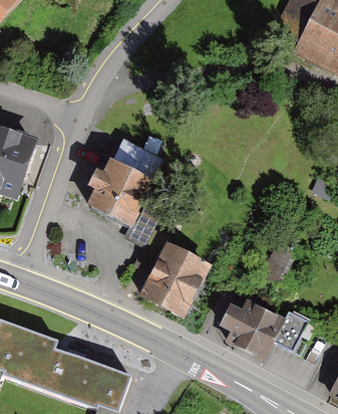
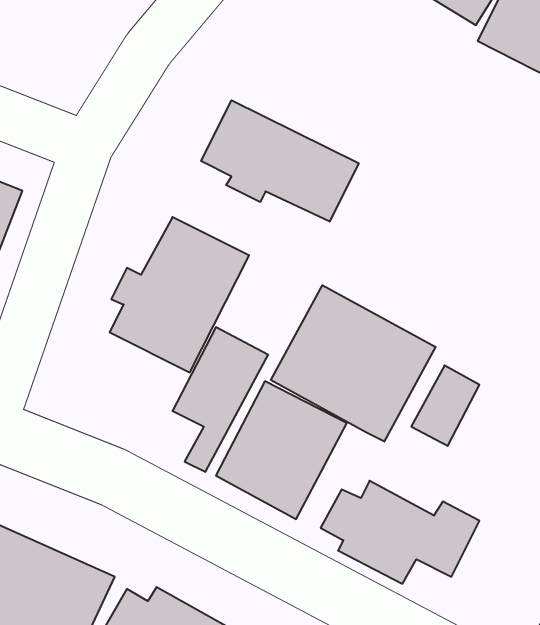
building: none -> [201,100,359,222]
building: none -> [271,285,436,442]

